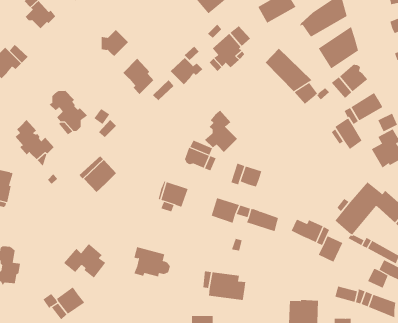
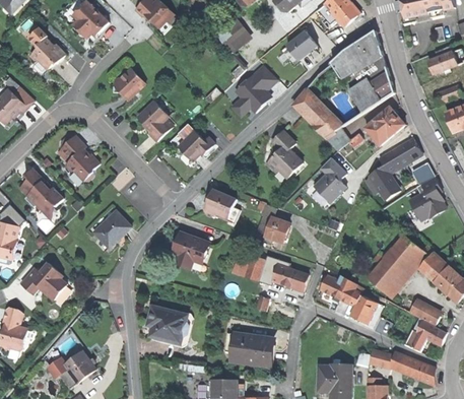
building: [170,57,203,85] -> [178,131,214,161]
building: [204,110,238,153] -> [266,131,303,178]
building: none -> [314,158,345,203]
building: [63,243,106,279] -> [20,262,67,301]

